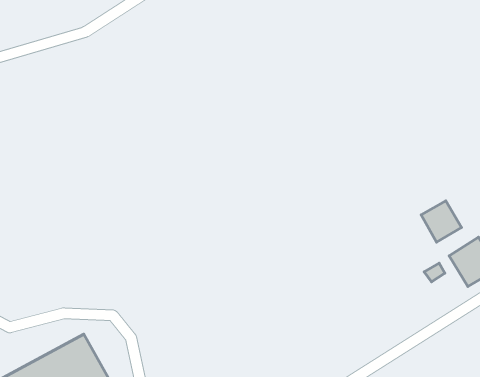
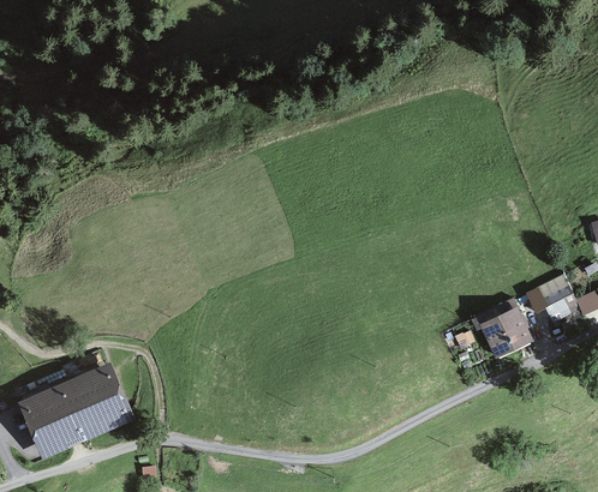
building: [421,201,462,242] -> none

